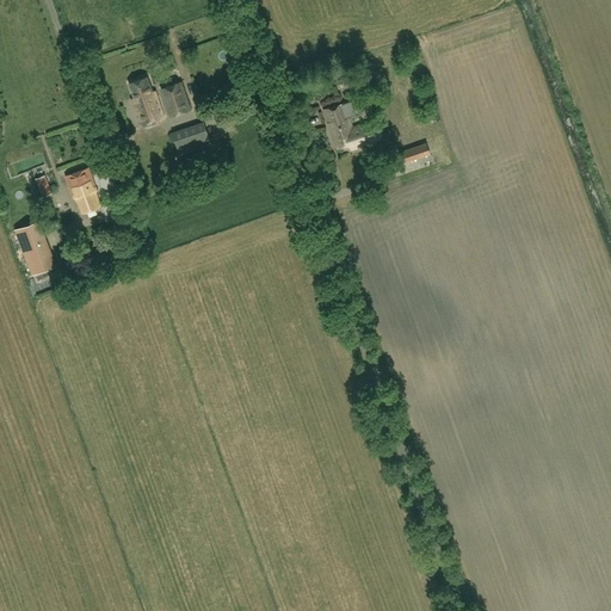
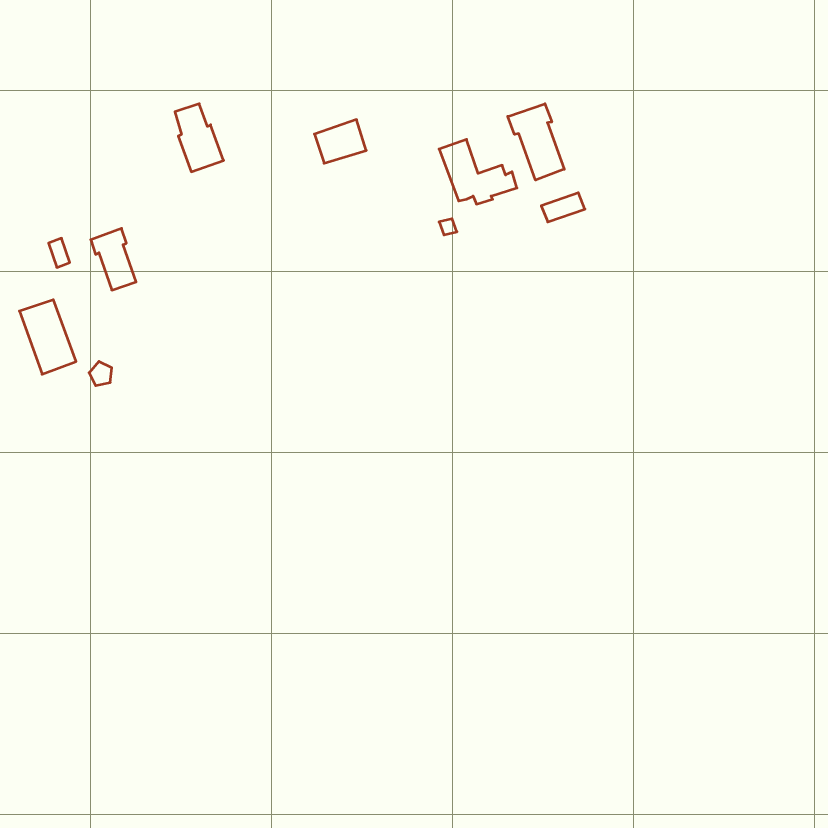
building: none -> [508,104,564,180]
building: [161,82,190,117] -> none
building: [172,122,210,154] -> [314,120,366,163]

